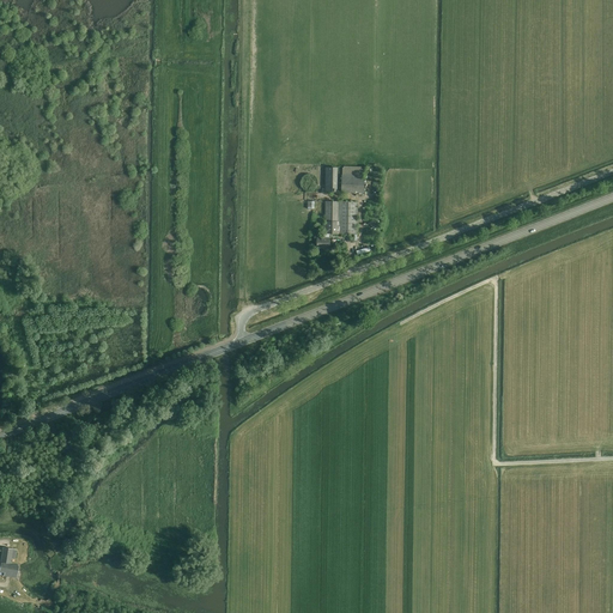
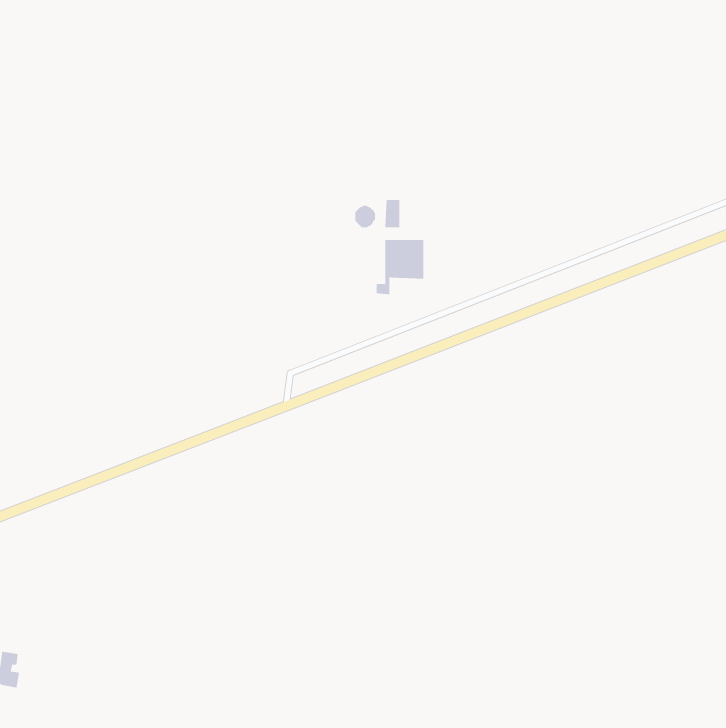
building: [340,166,364,193] -> none

